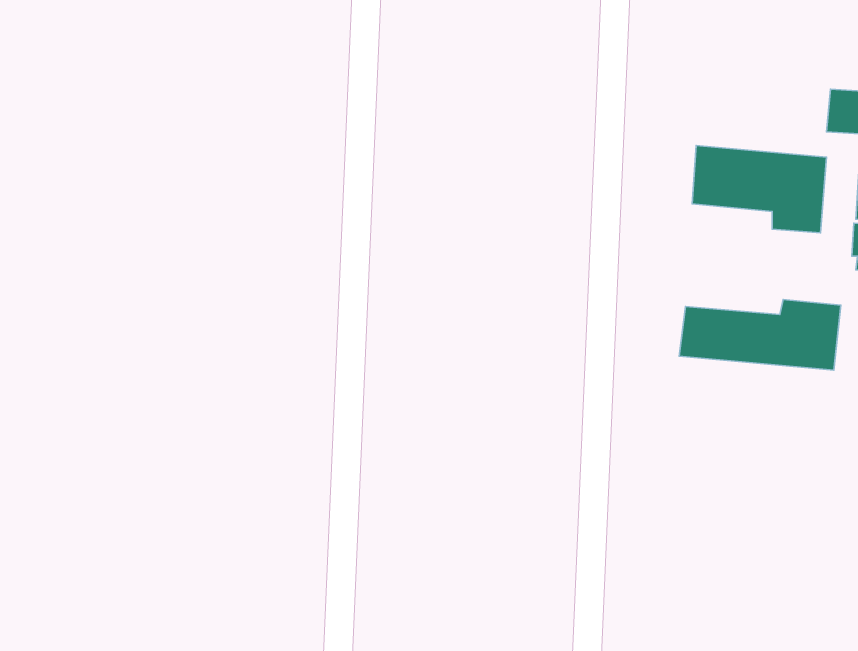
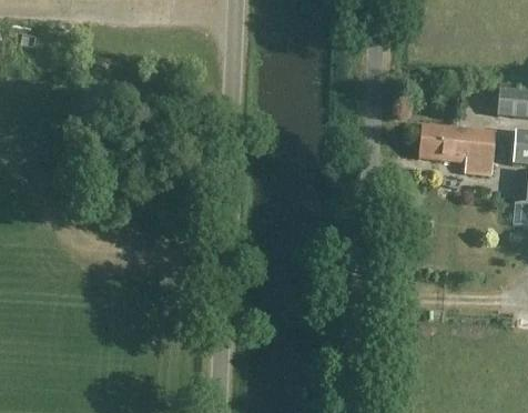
building: [679,300,841,370] -> none

